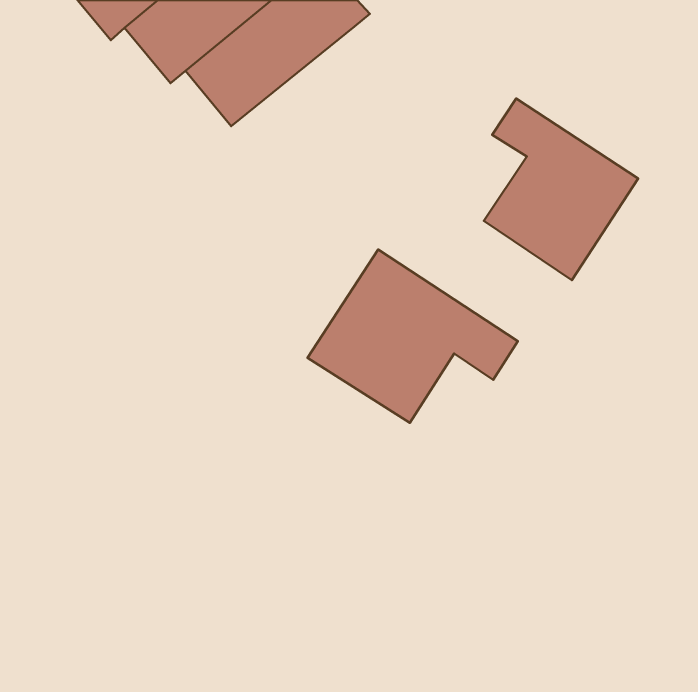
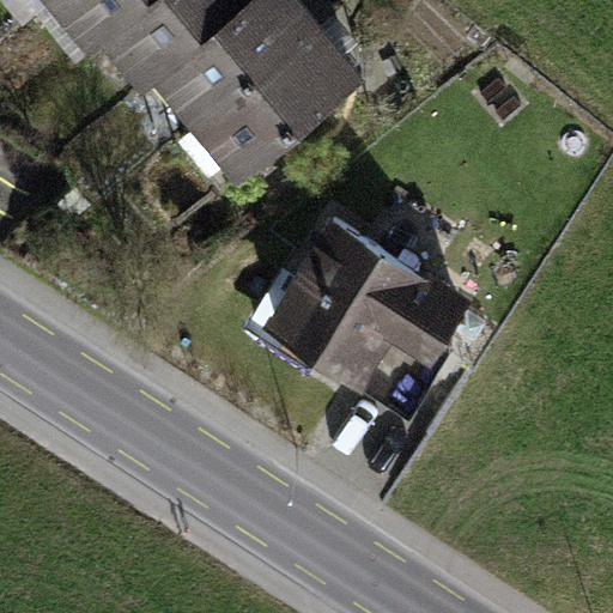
building: none -> [200,37,347,174]
building: [484,99,638,280] -> none

